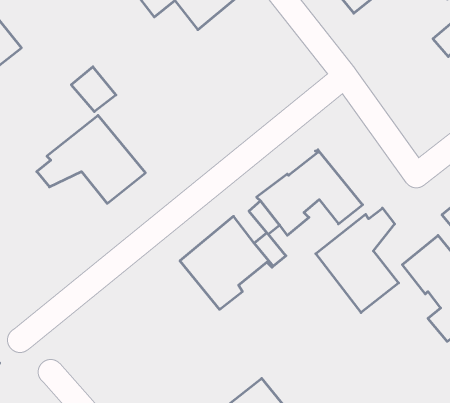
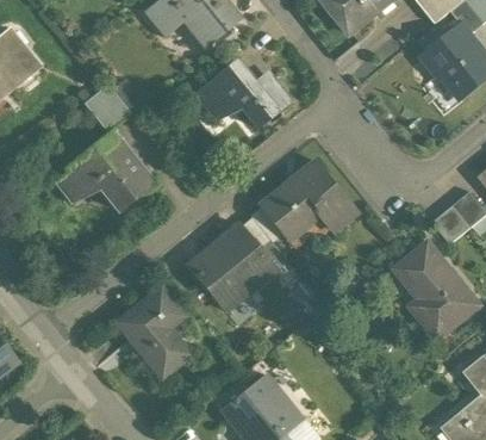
building: none -> [193,57,292,128]
building: [316,208,399,313] -> none
building: none -> [114,286,189,378]

